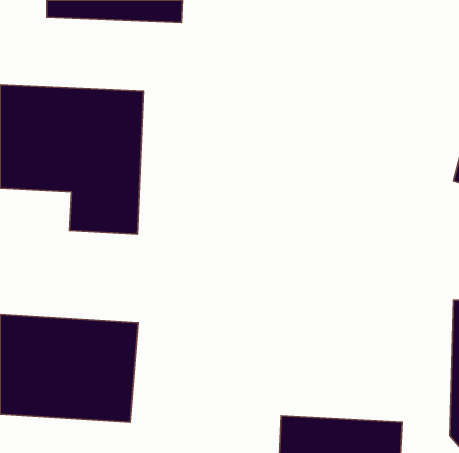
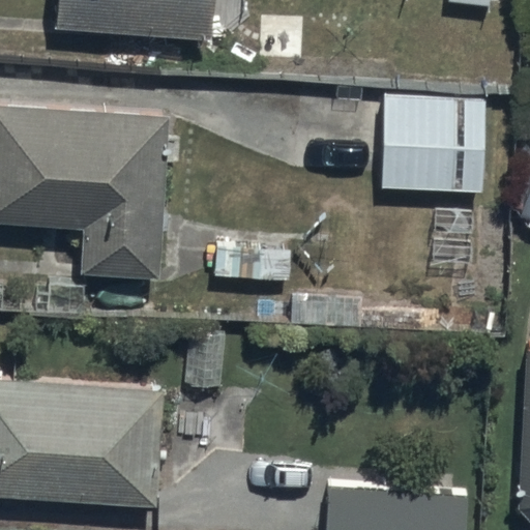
building: none -> [381,95,484,194]

